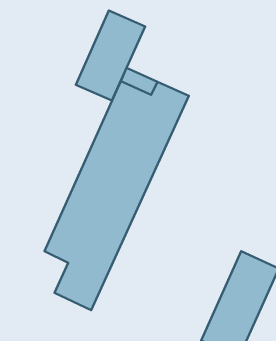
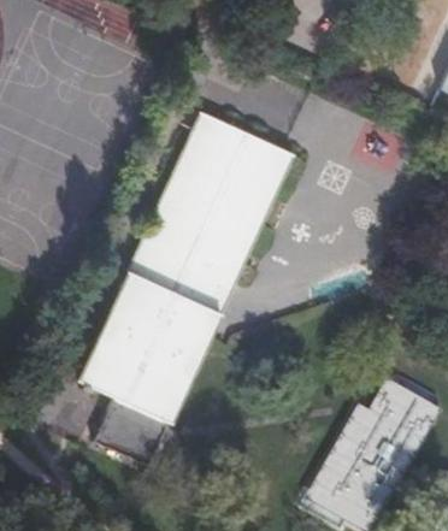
building: [76,11,145,101] -> none

